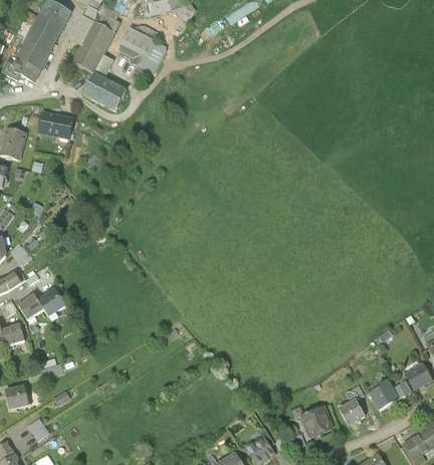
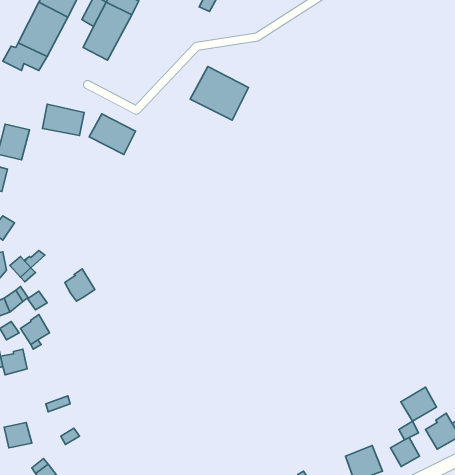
building: [119,26,169,72] -> [190,67,248,120]
building: [83,73,124,108] -> [89,114,135,154]
building: [38,287,64,315] -> [65,269,95,301]
building: none -> [401,387,437,421]

